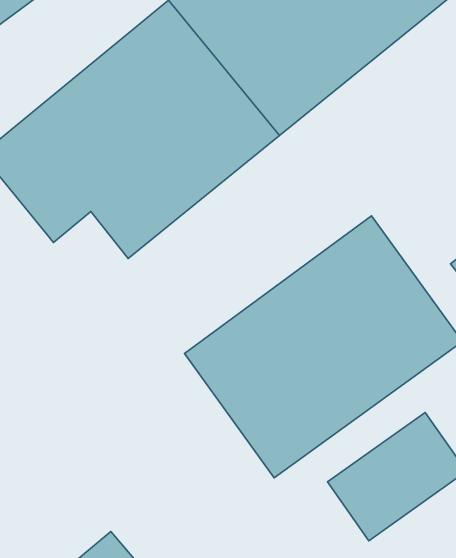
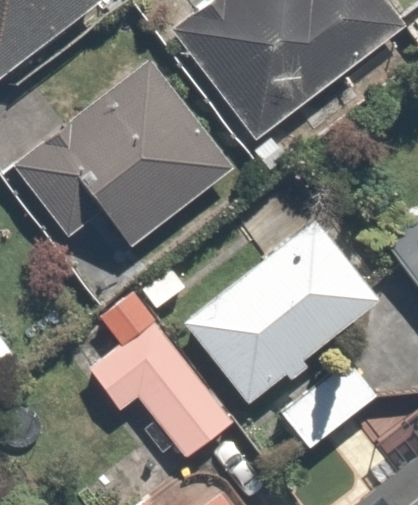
building: none -> [85,314,231,452]

